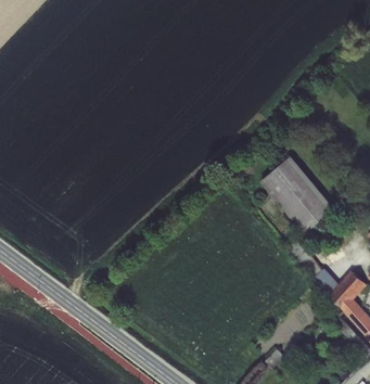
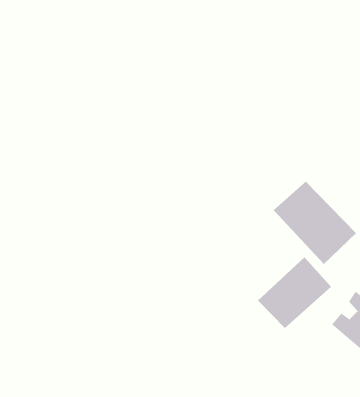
building: none -> [257,256,332,329]

